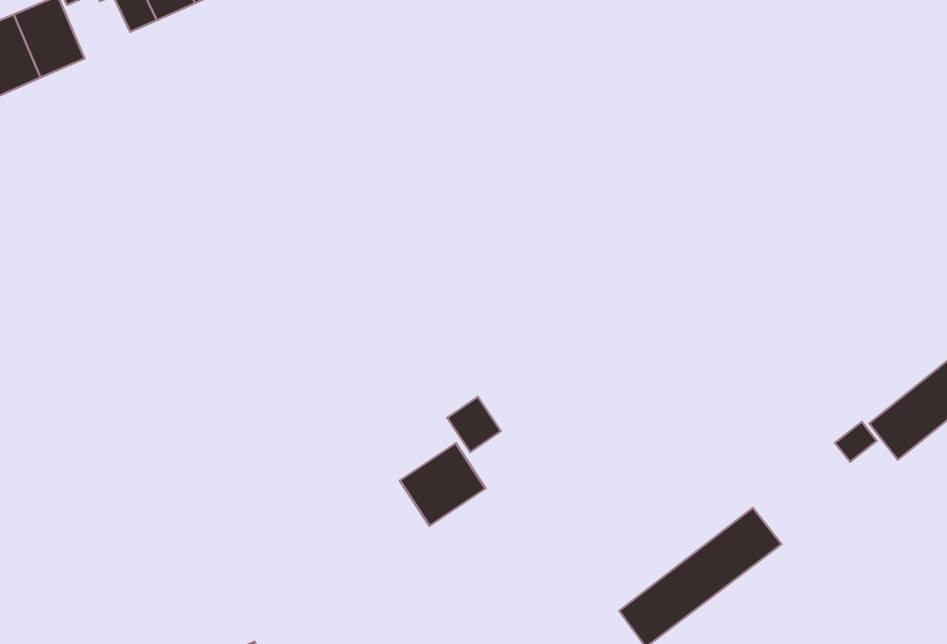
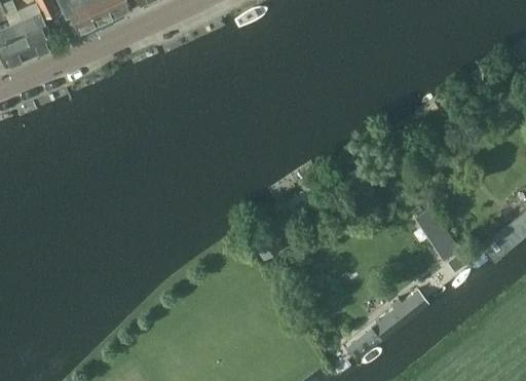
building: none -> [414,207,457,260]
building: [400,443,486,526] -> none

